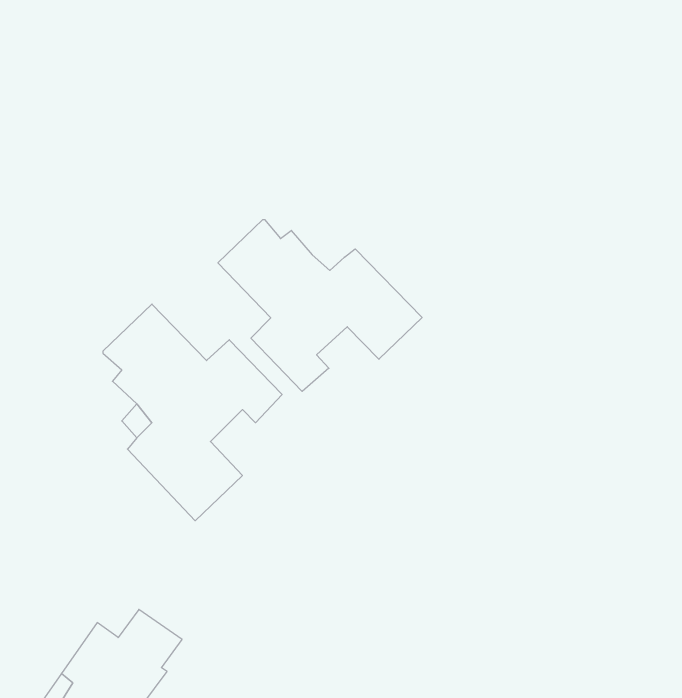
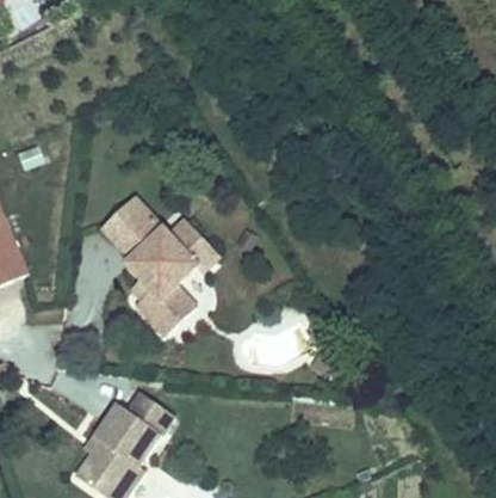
building: [218,220,422,391] -> none

